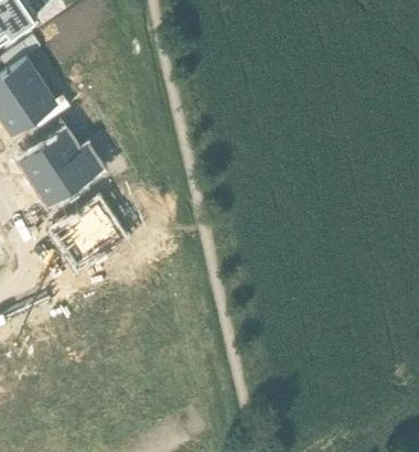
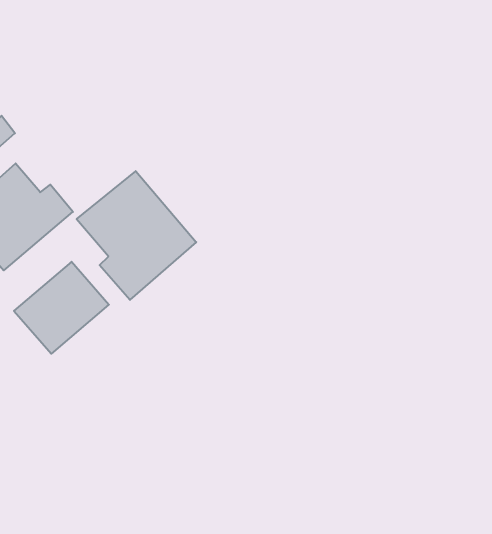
building: none -> [77,171,196,300]

